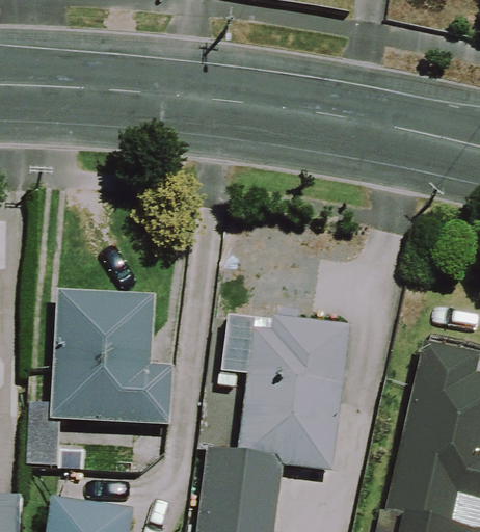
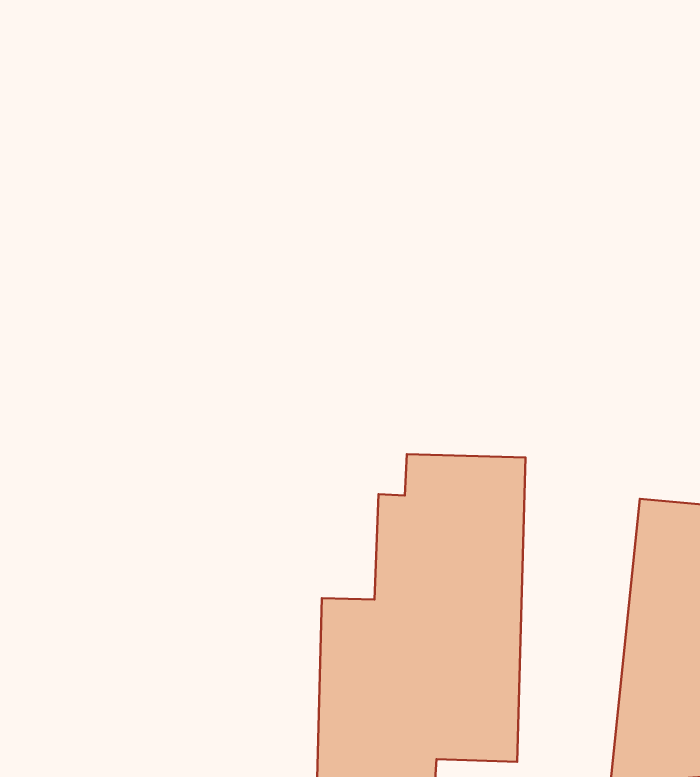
building: [51,294,165,427] -> none

